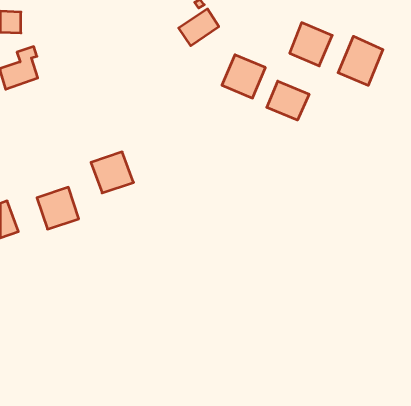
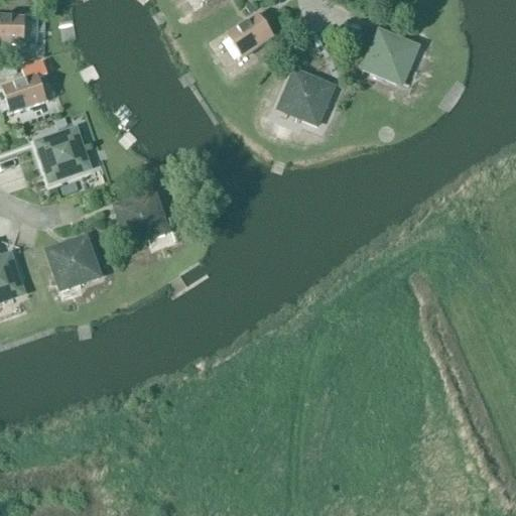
building: [338,36,383,85] -> none
building: [267,81,309,120] -> none
building: none -> [36,126,89,179]

